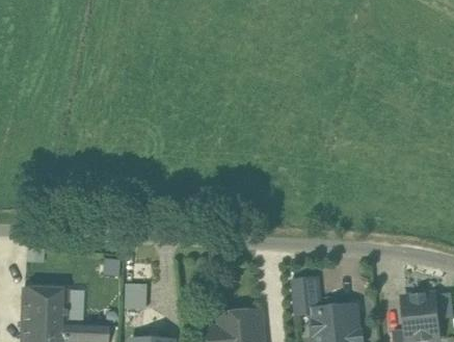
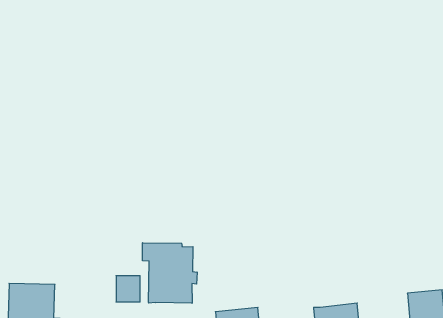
building: none -> [143,243,197,303]
building: [290,279,318,314] -> none

